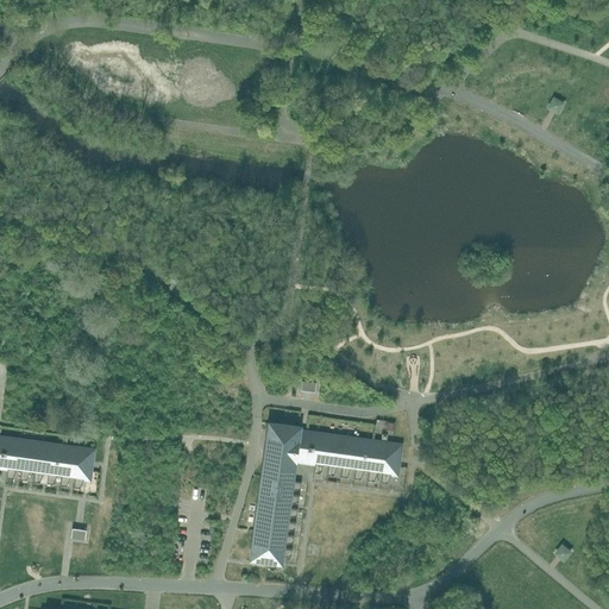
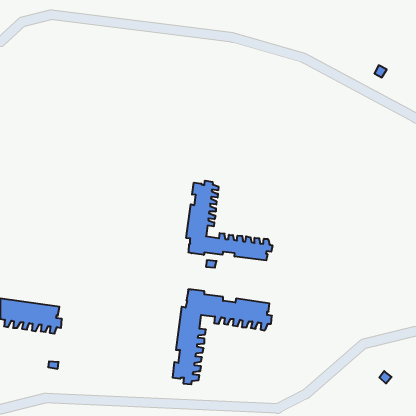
building: none -> [186,181,272,260]

